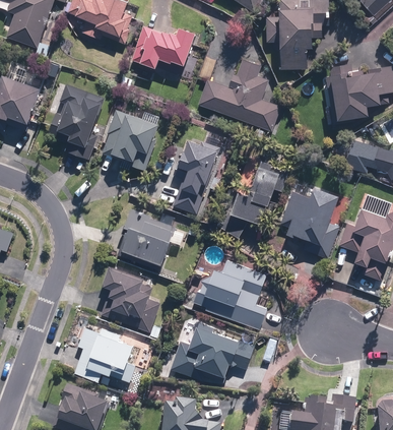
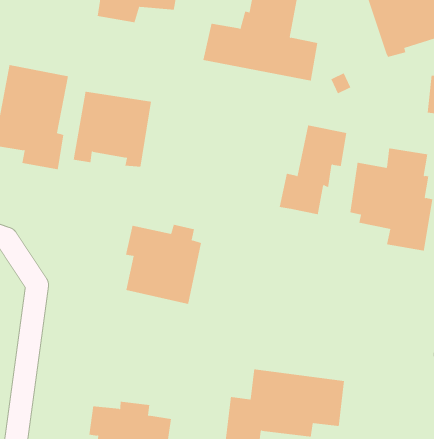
building: [172,138,221,213] -> none
building: [191,260,267,328] -> none
building: [101,263,160,334] -> none

